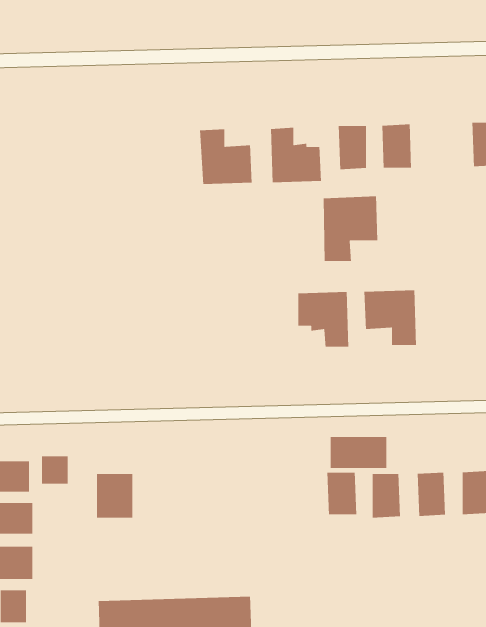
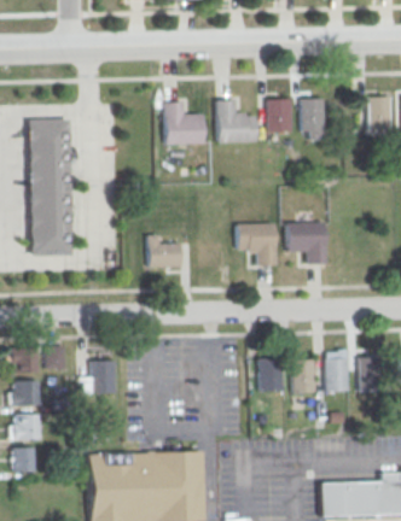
building: none -> [29,119,70,256]
building: [323,196,378,262] -> none
building: none -> [147,234,181,267]
building: [330,436,387,469] -> none

